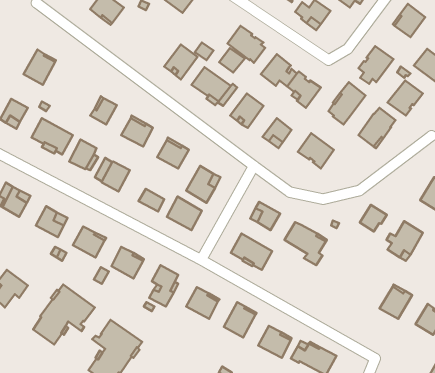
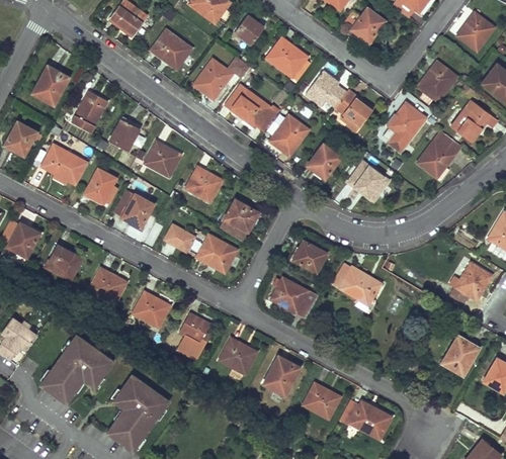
building: none -> [151,29,191,69]
building: [219,48,245,73] -> [235,15,264,43]
building: none -> [72,90,107,131]
building: [360,205,387,231] -> none

